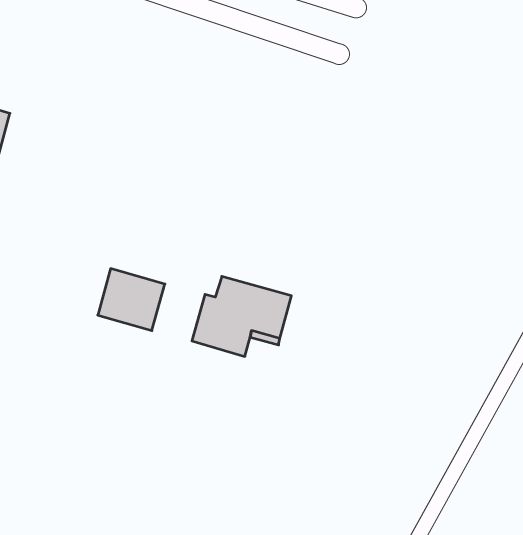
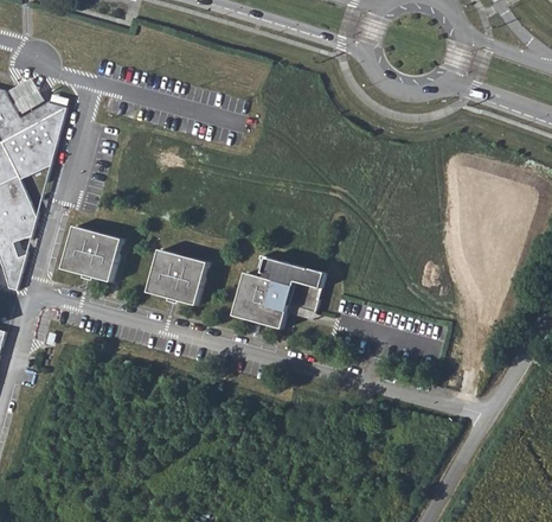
building: none -> [63,225,121,280]

